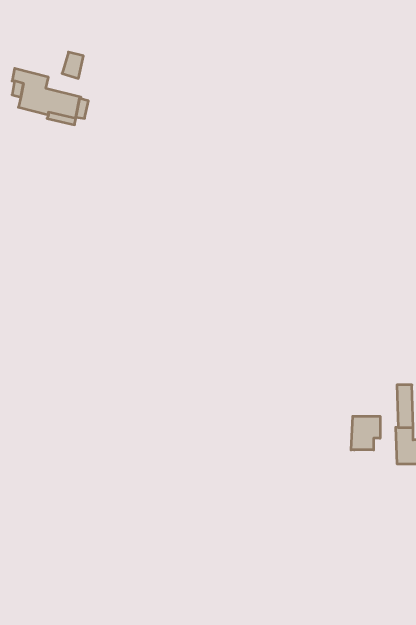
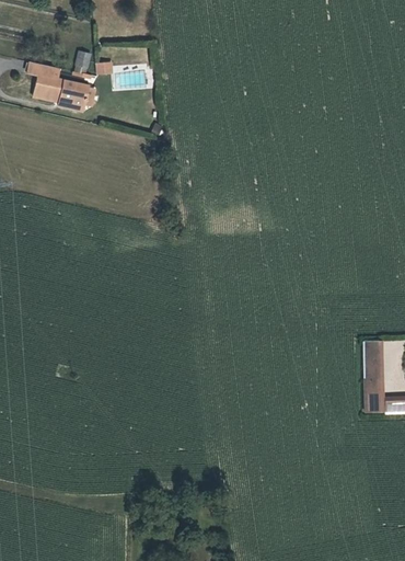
building: [351,416,380,450] -> none

